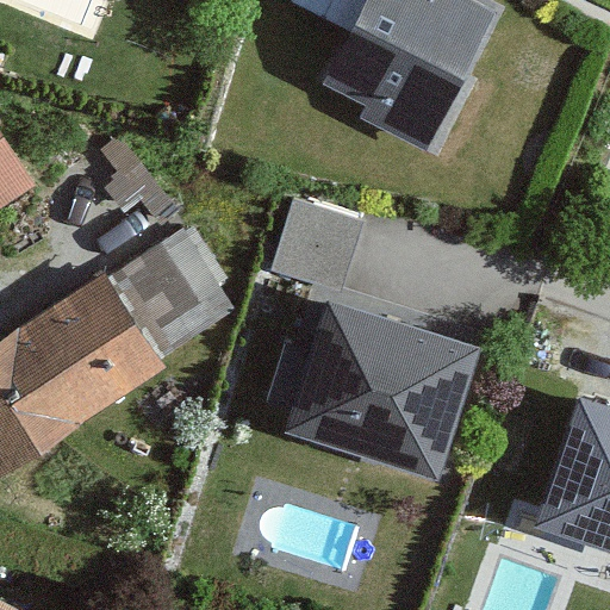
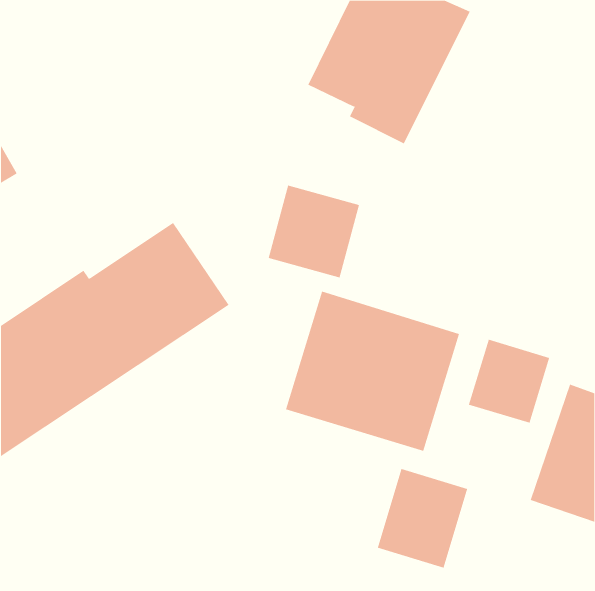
building: none -> [468,339,550,424]
building: none -> [377,468,468,569]

